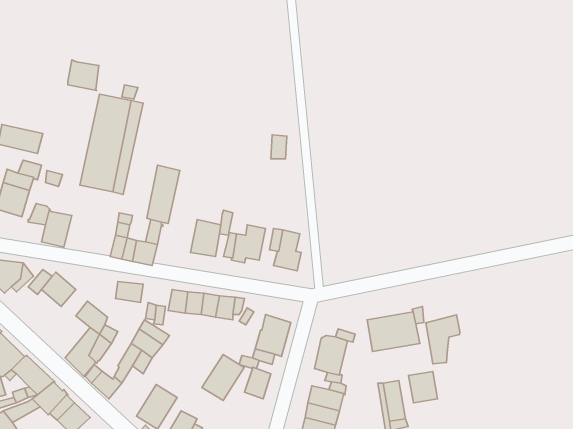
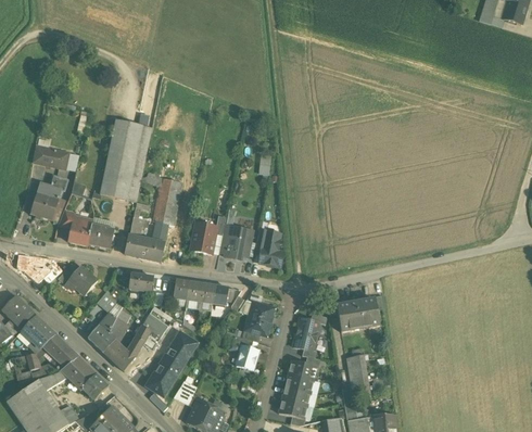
building: [68,60,99,90] -> none
building: none -> [87,224,114,250]
building: [426,315,460,364] -> none
building: [202,354,244,401] -> [163,331,198,369]
building: [409,371,438,403] -> none

